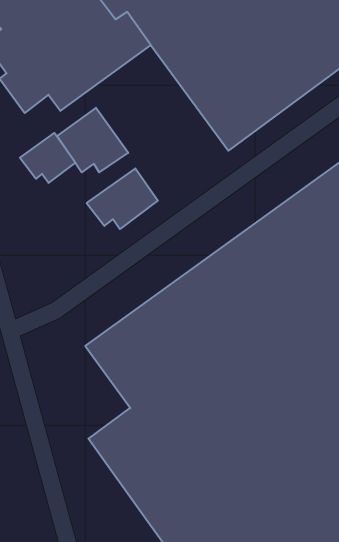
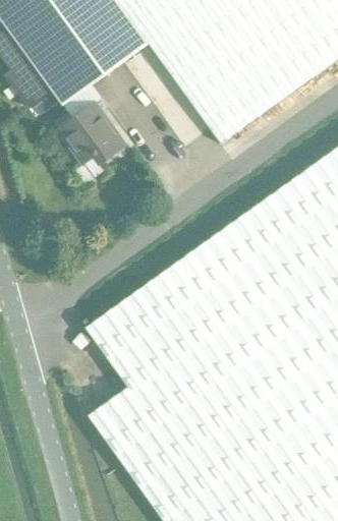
building: [20,133,75,183] -> none
building: [87,168,158,229] -> none

